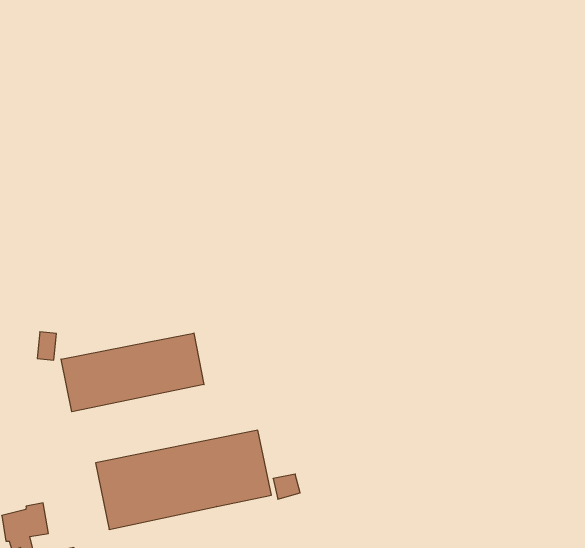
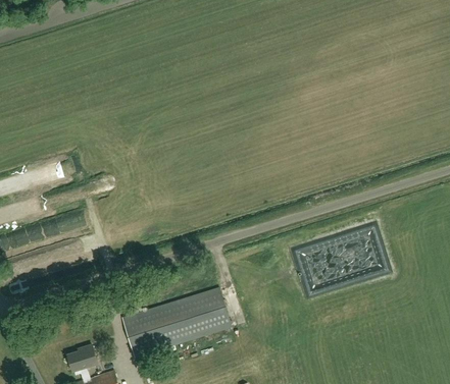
building: [61,333,204,412] -> none

